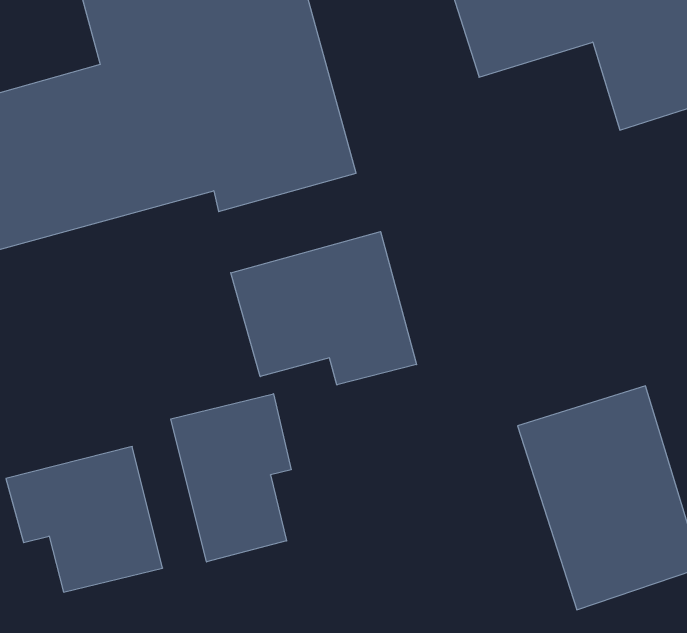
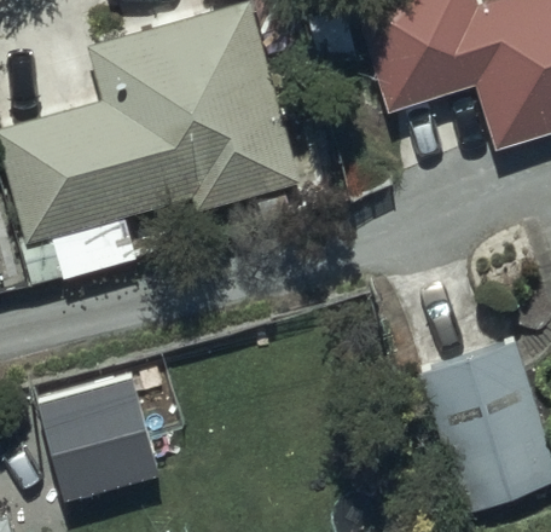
building: [231,232,417,385] -> none
building: [171,394,291,562] -> none

